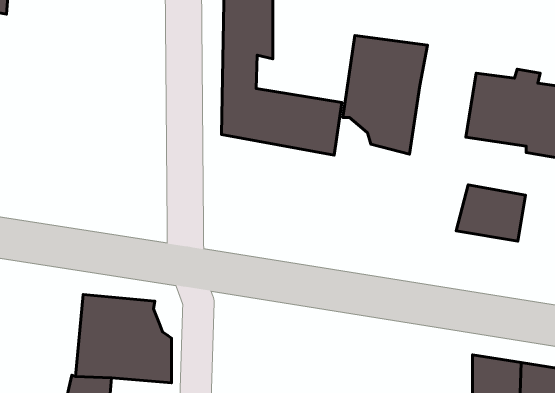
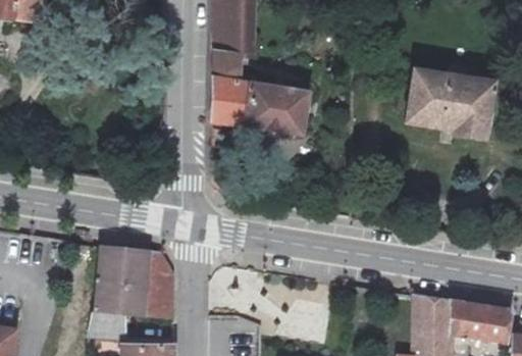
building: [343,36,428,154] -> none
building: [456,185,525,241] -> none

